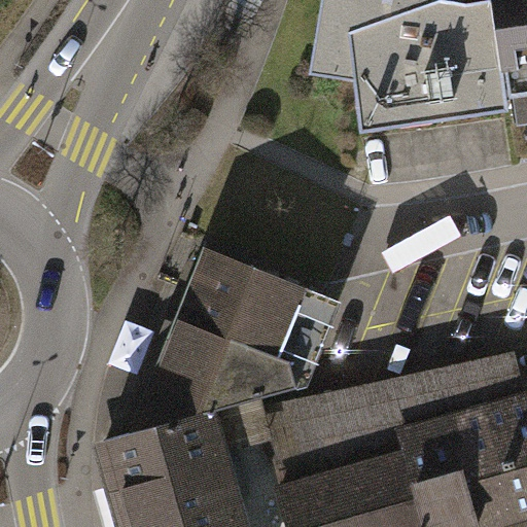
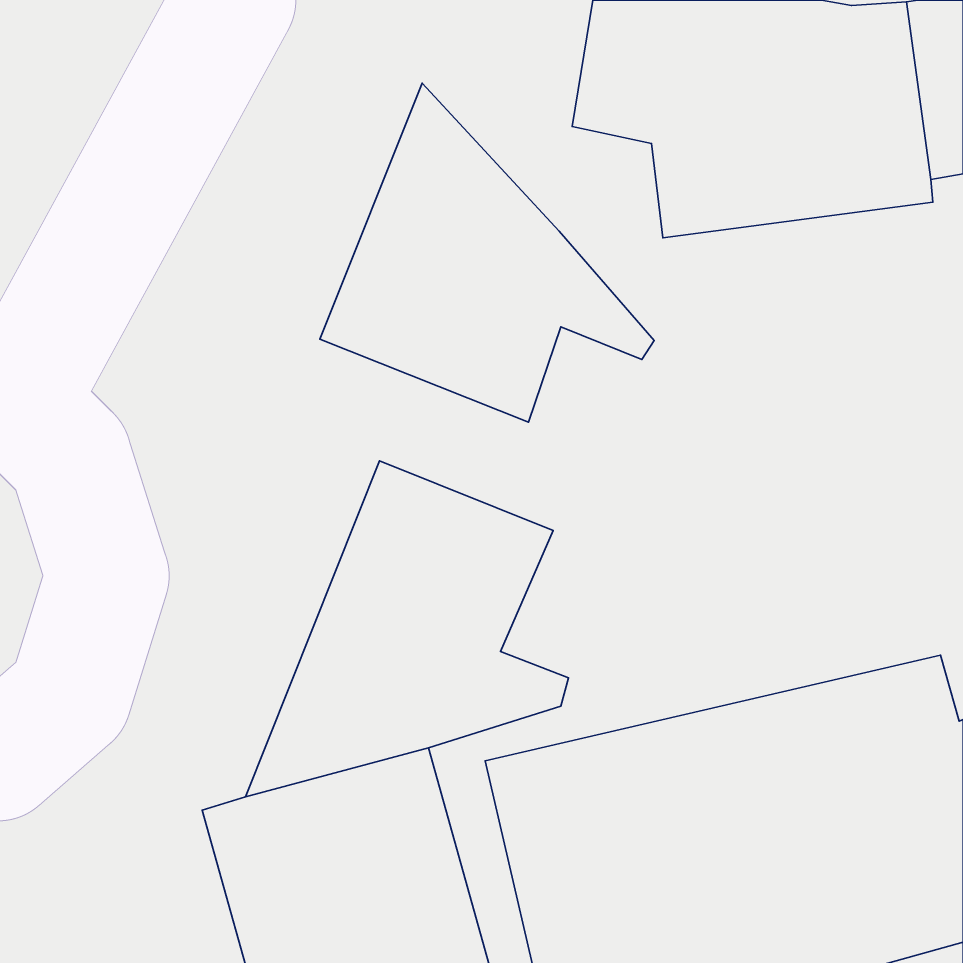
building: none -> [320,83,654,422]

